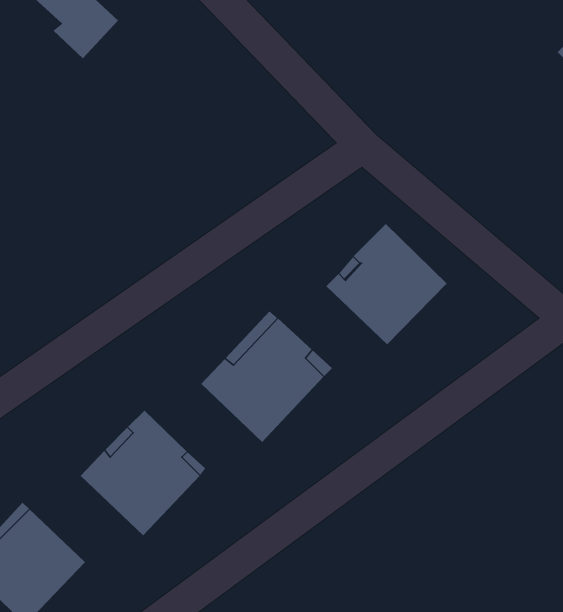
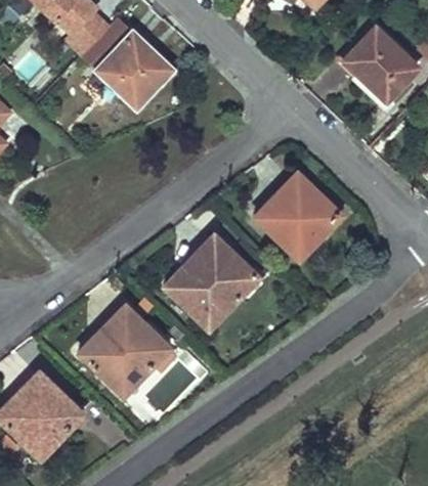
building: none -> [80,17,172,108]
building: none -> [342,28,417,101]

